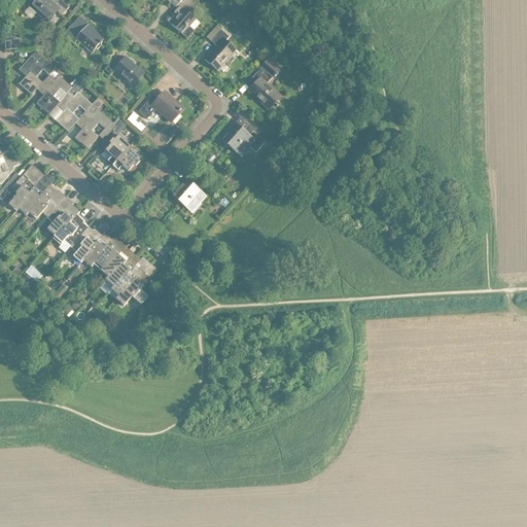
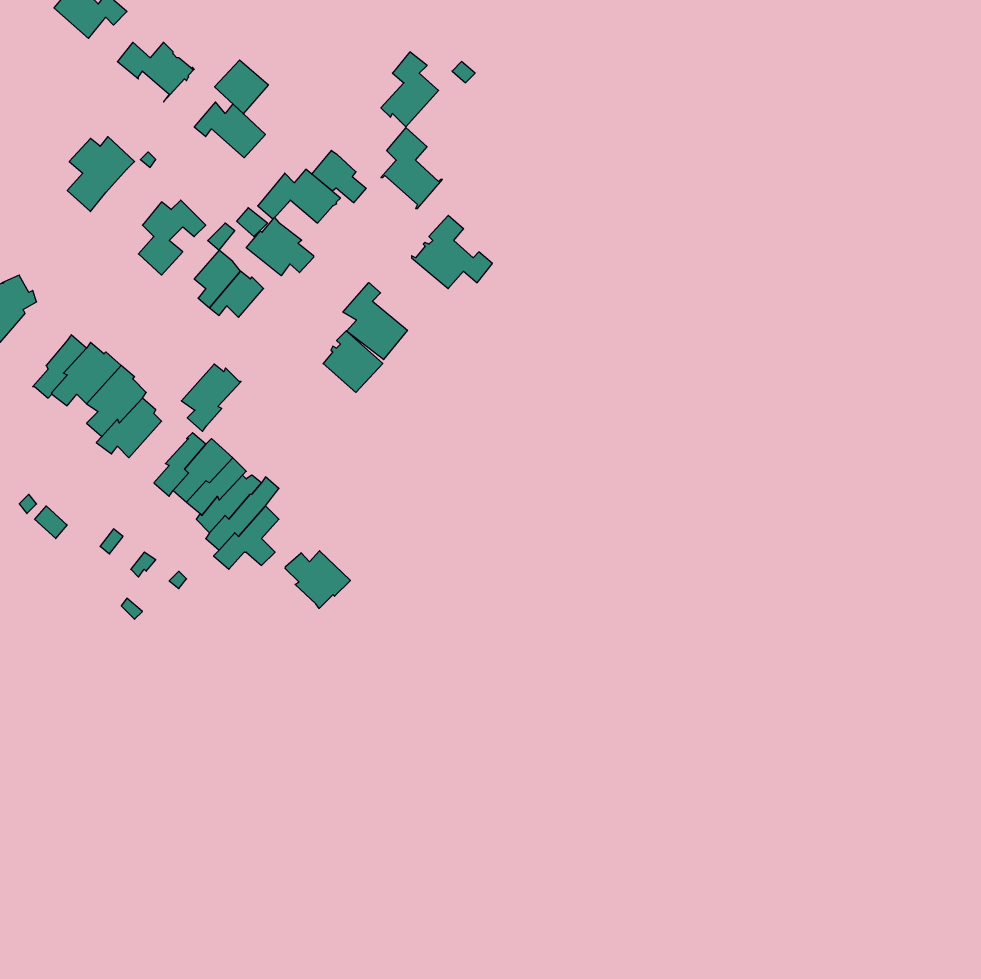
building: [166,4,195,33] -> [215,60,268,114]
building: [19,55,55,94] -> none
building: [247,65,280,108] -> [381,128,442,208]
building: none -> [312,150,366,203]
building: [55,91,92,130] -> none
building: none -> [246,218,314,276]
building: none -> [343,283,407,360]
building: [7,164,36,210] -> none
building: [69,225,101,261] -> [181,364,241,431]
building: none -> [285,551,350,608]

